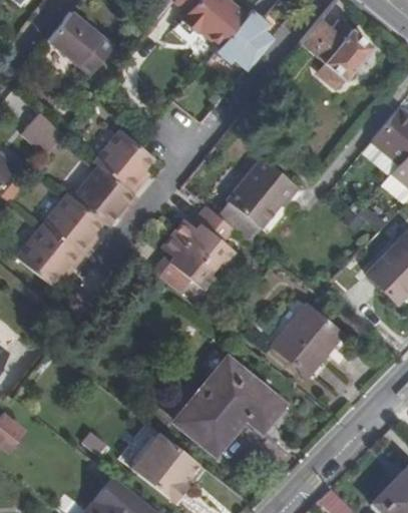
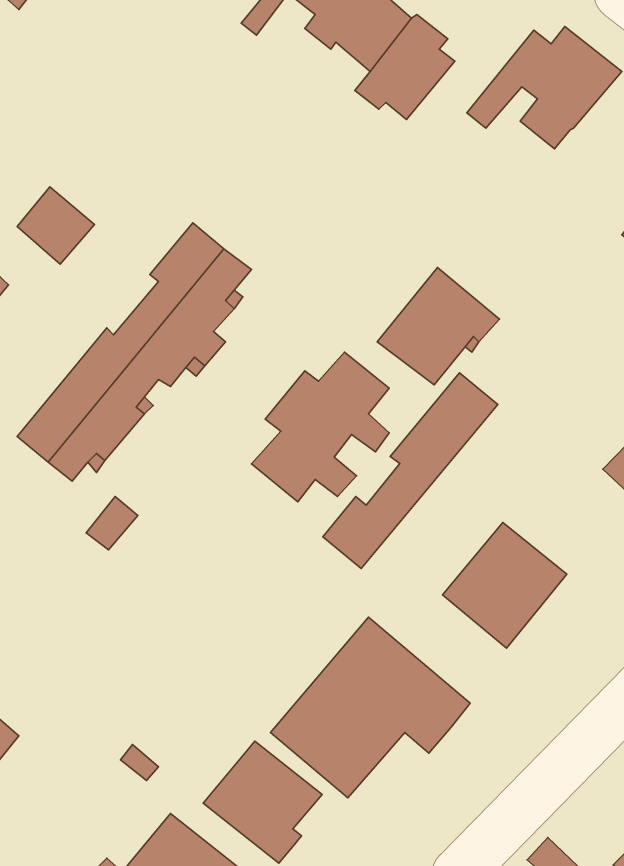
building: [50,12,114,75] -> none
building: none -> [323,373,498,568]

